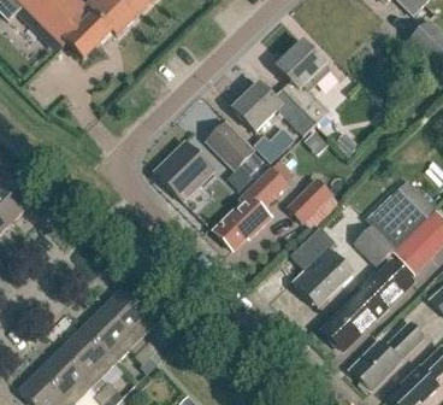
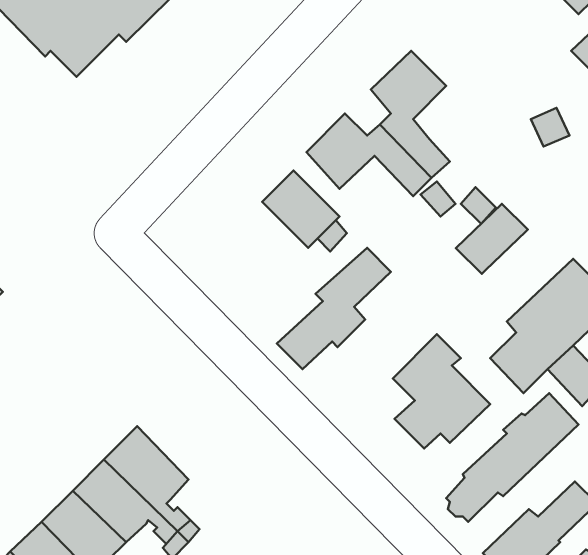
building: [255,124,297,159] -> none
building: [158,142,213,201] -> none
building: [284,177,331,223] -> [456,204,528,274]

